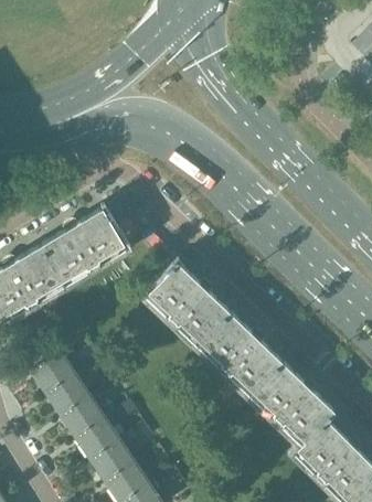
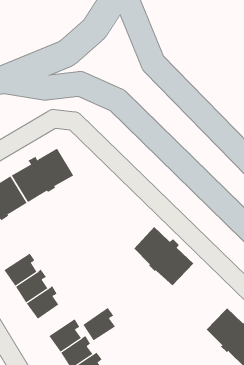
building: [148,266,230,345] -> none
building: [254,365,334,452] -> none
building: [75,416,119,461] -> [82,307,116,341]

